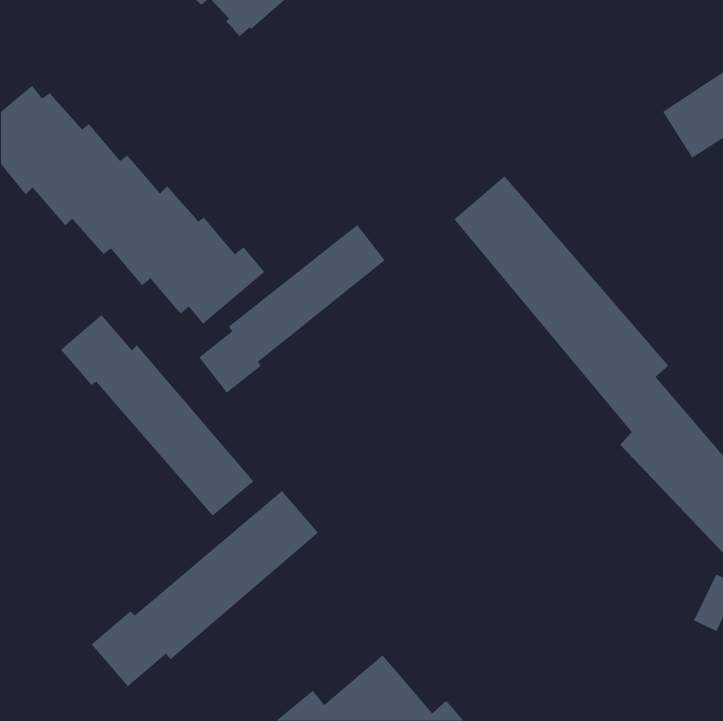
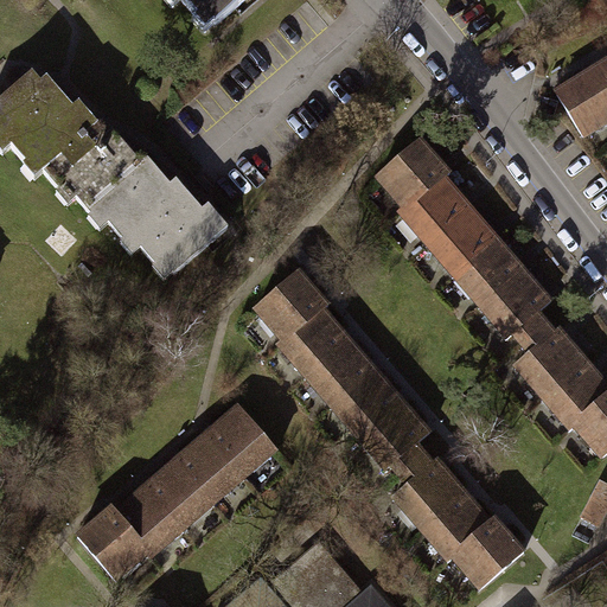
building: [198,224,385,394] -> none
building: [60,314,254,517] -> none
building: none -> [256,274,518,584]

